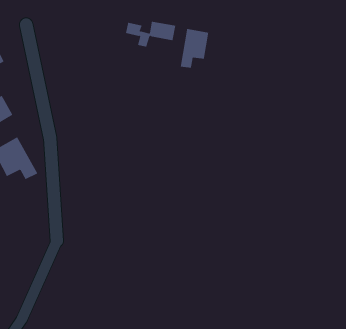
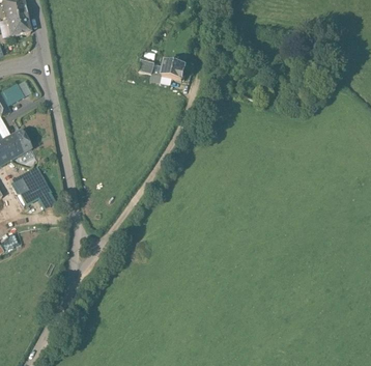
building: [180,28,209,68] -> none

